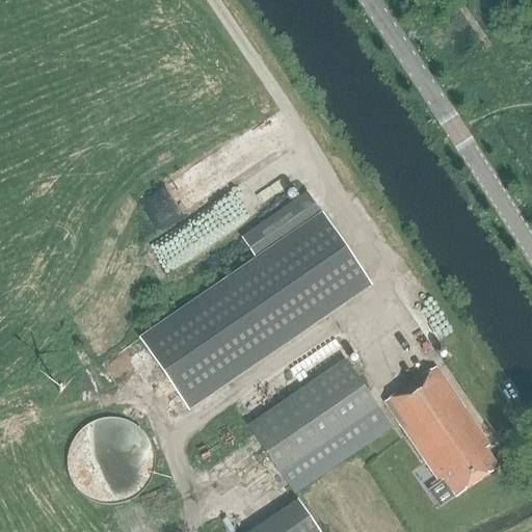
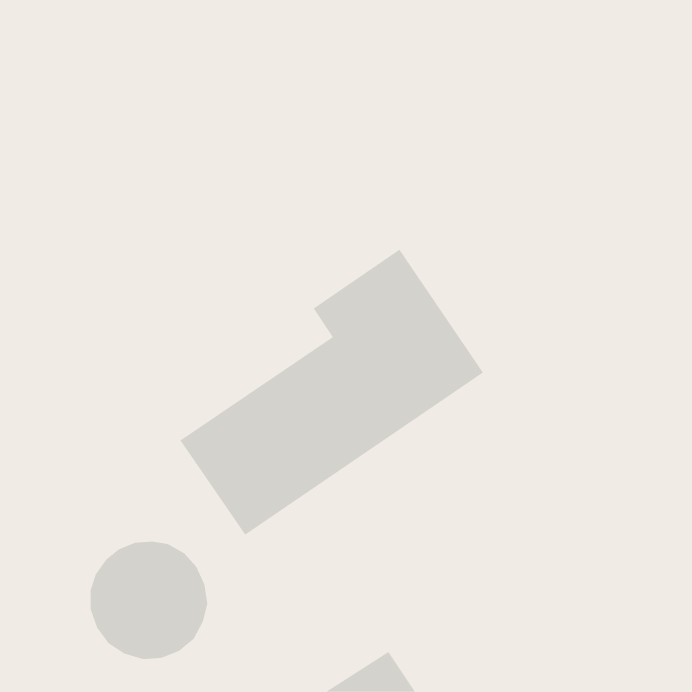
building: [247,358,392,493] -> none
building: [387,367,501,497] -> none

